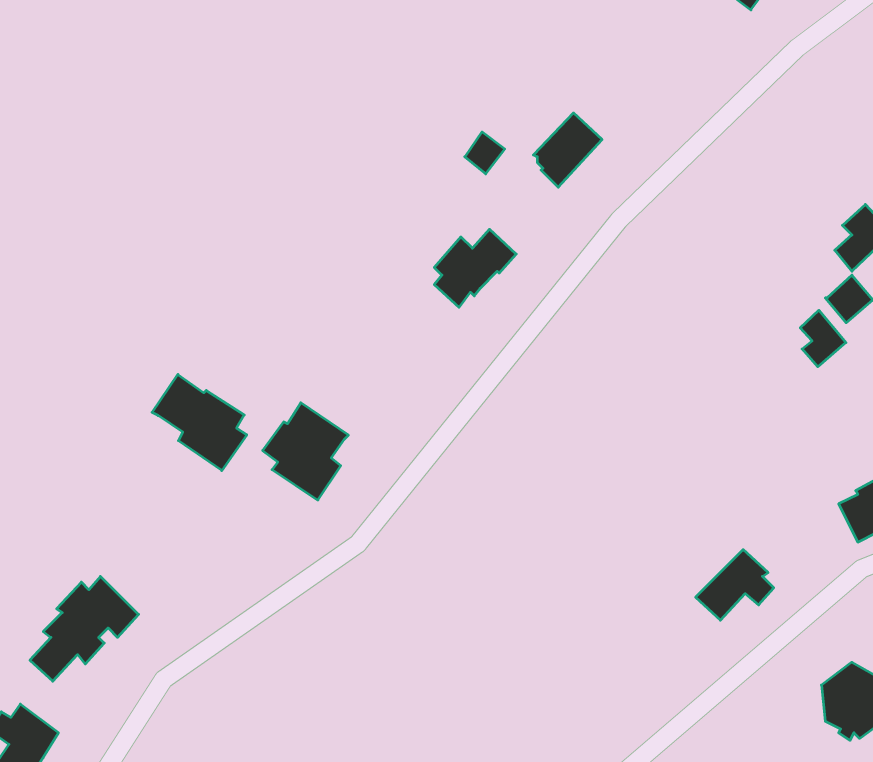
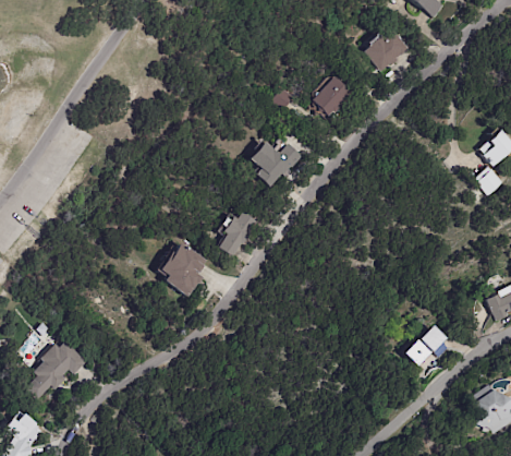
building: none -> [363,26,409,70]
building: [800,310,846,367] -> none
building: none -> [218,211,256,257]
building: [152,374,247,471] -> none

